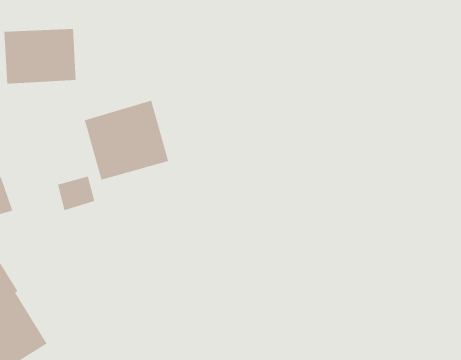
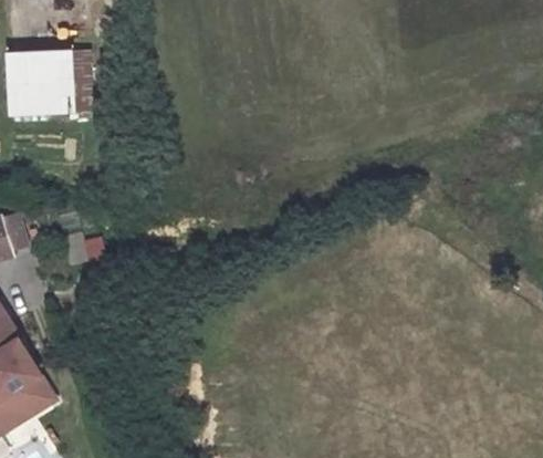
building: [84,100,169,180] -> none

